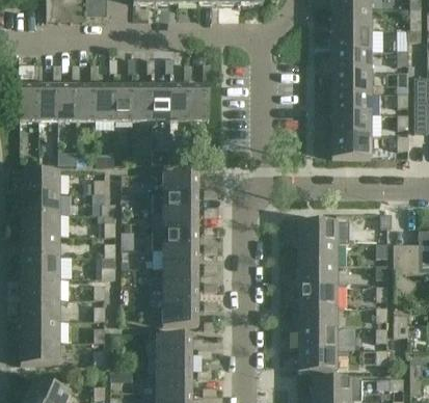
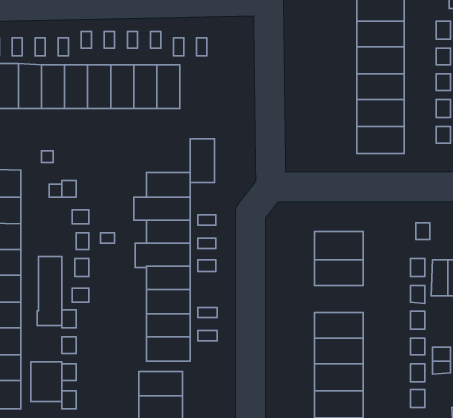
building: [189,85,209,120] -> [190,139,215,182]
building: none -> [37,256,62,325]
building: [298,264,338,286] -> none
building: none -> [31,362,62,401]

